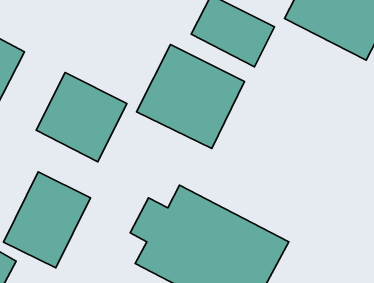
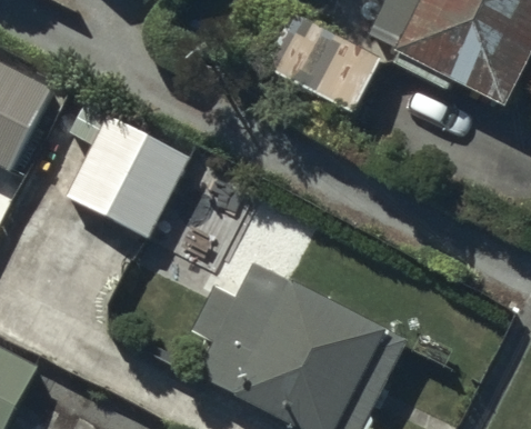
building: [137,44,245,149] -> none
building: [4,172,91,268] -> none

